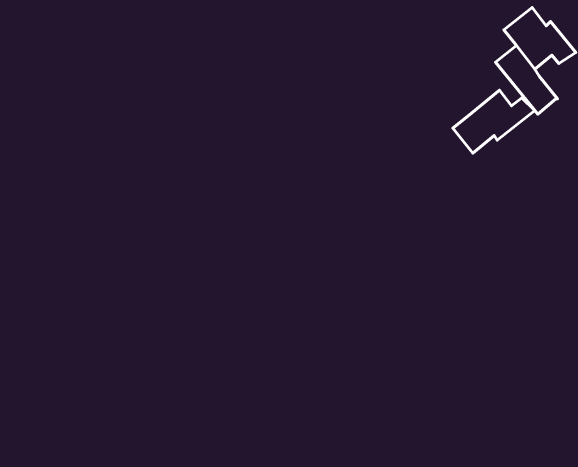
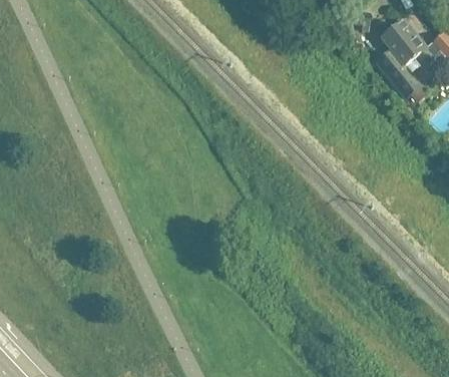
building: [453,90,535,153] -> none

